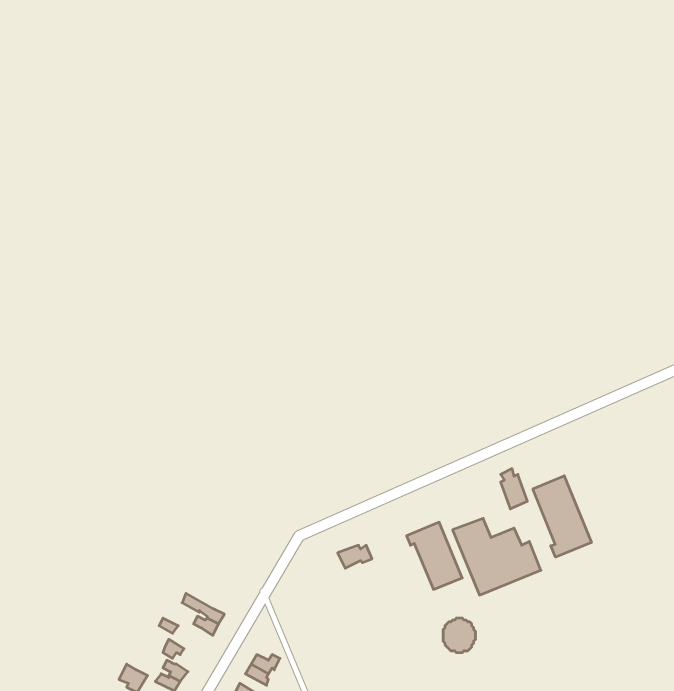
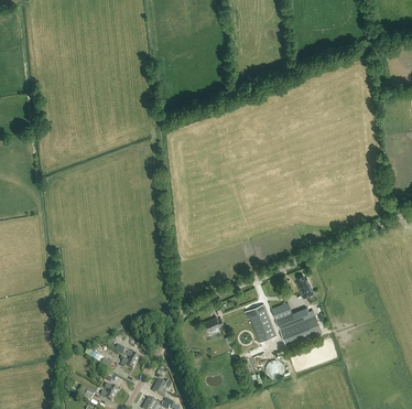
building: [533,476,591,557] -> none

